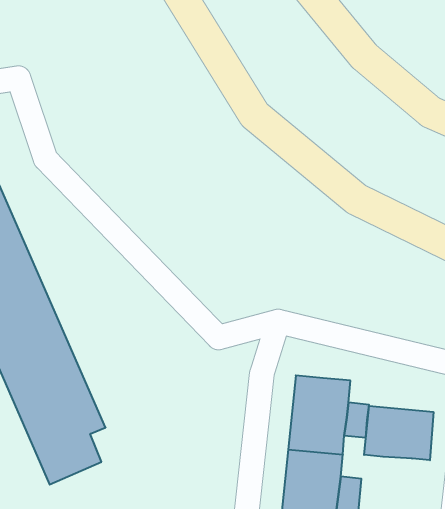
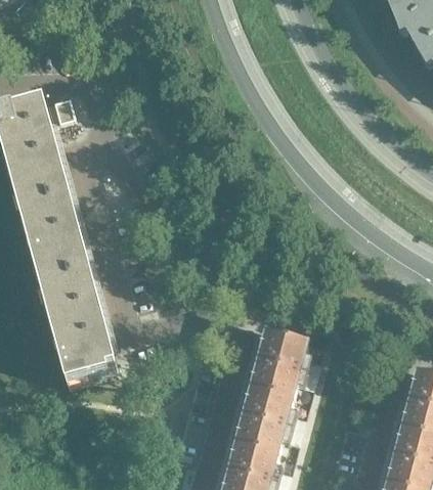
building: [364,406,433,460] -> none

